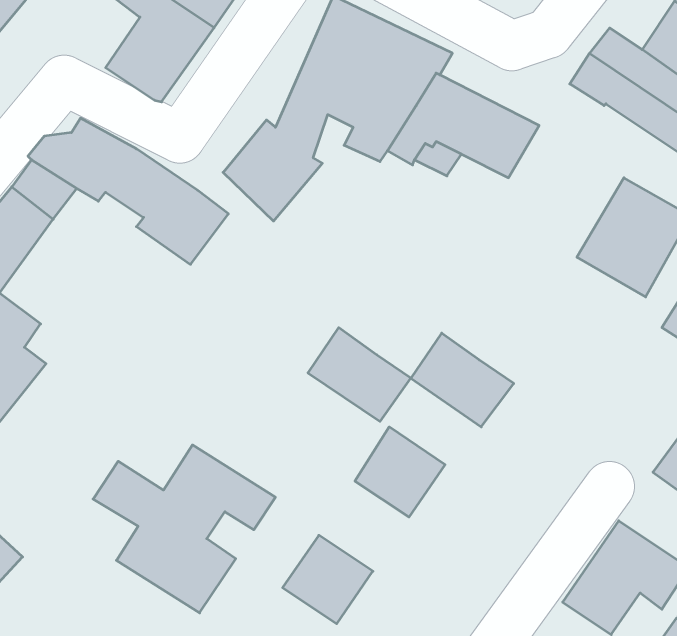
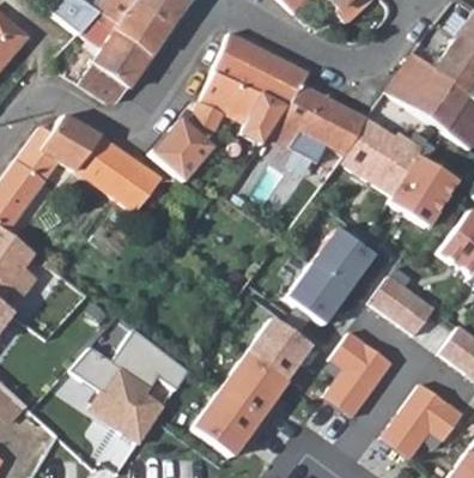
building: none -> [348,127,423,195]
building: [308,328,411,421] -> [303,229,371,291]
building: none -> [371,273,438,334]
building: none -> [326,331,395,416]
building: none -> [220,357,280,417]

